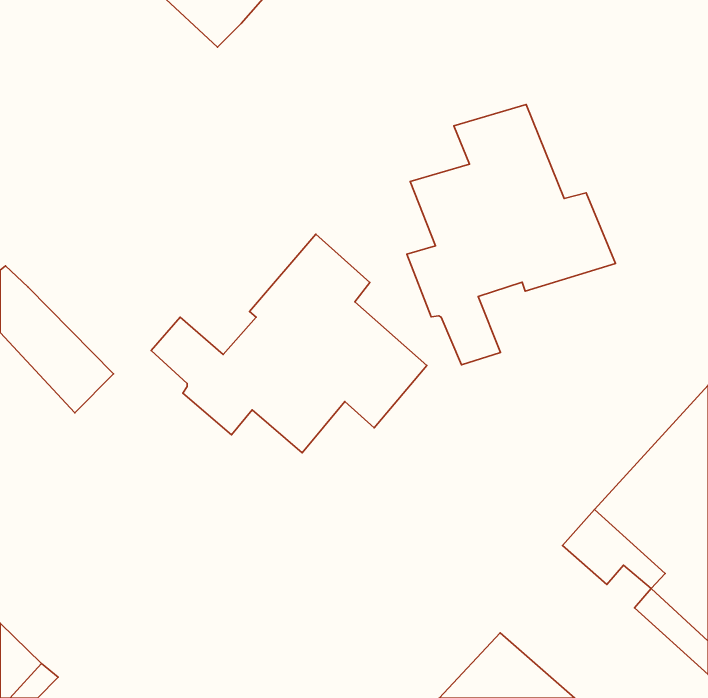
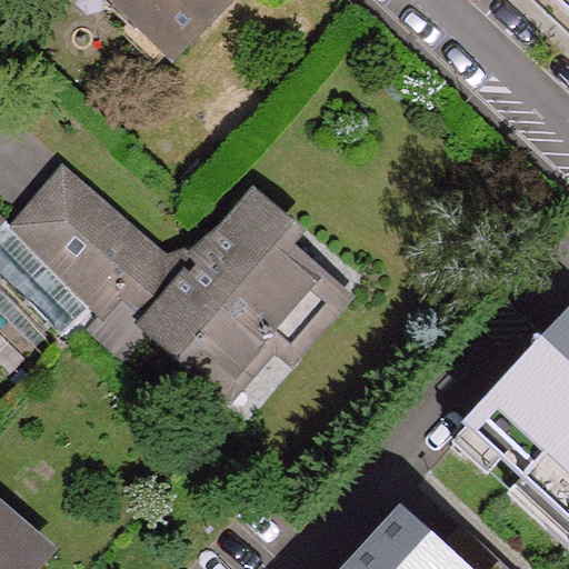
building: [407,105,616,365] -> none
building: none -> [22,176,144,308]

